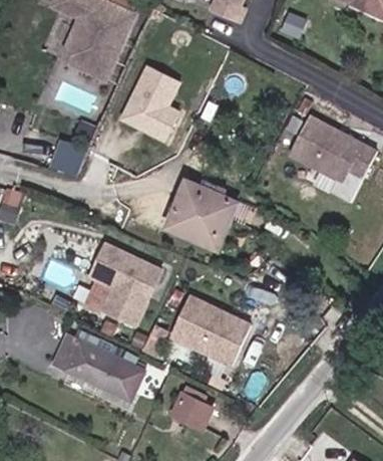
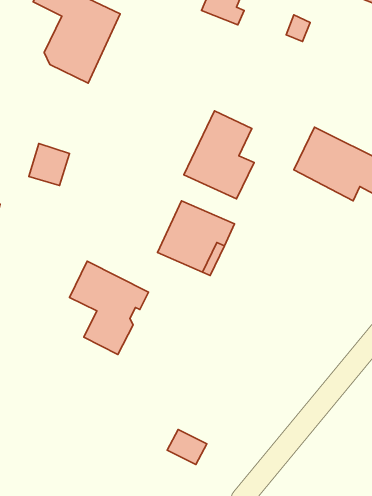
building: [116,61,180,142] -> [184,111,254,199]
building: [167,294,248,365] -> none
building: [53,334,142,400] -> none

